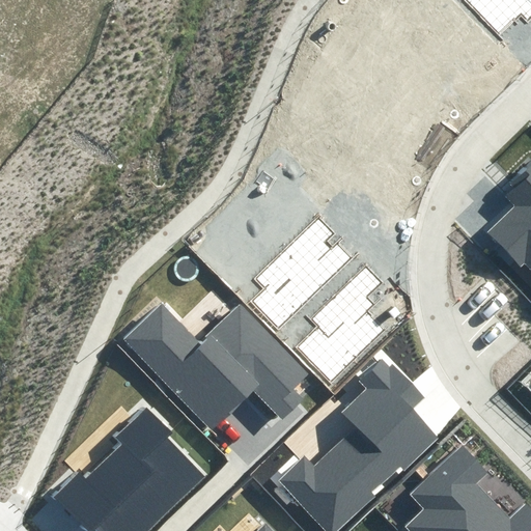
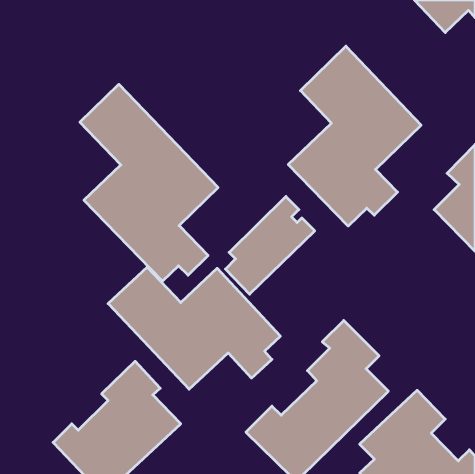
building: none -> [288,46,421,226]
building: none -> [80,84,218,281]
building: [297,266,384,384] -> none

